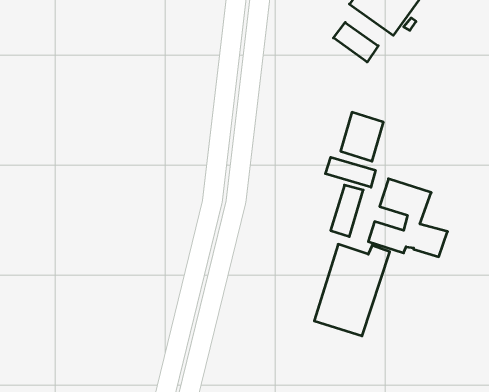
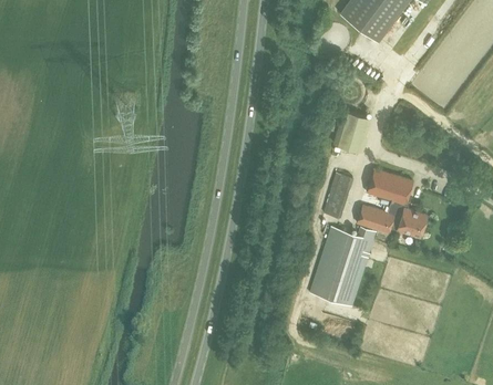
building: [333,22,378,62] -> none
building: [325,157,375,187] -> none

